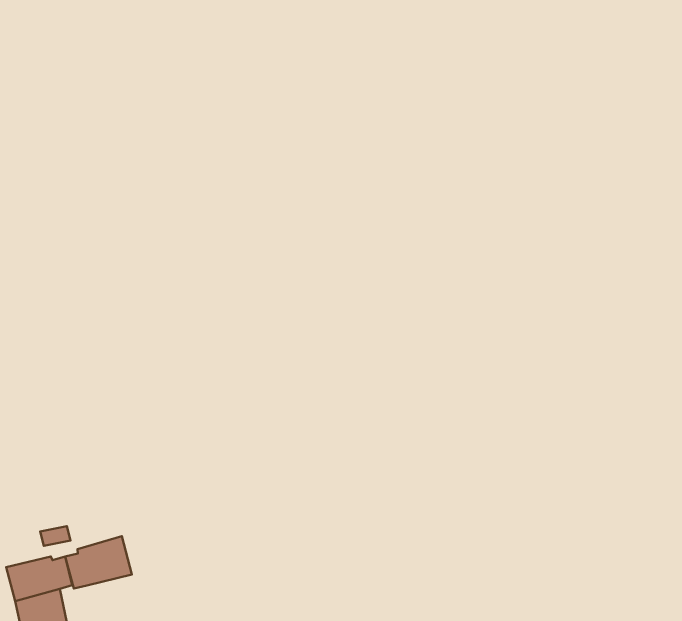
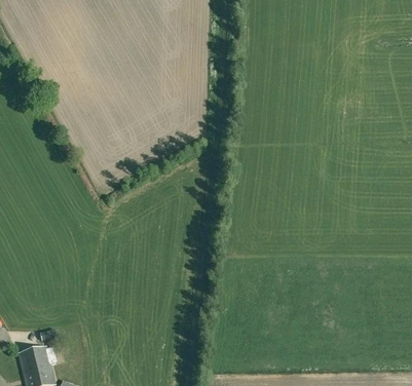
building: [65,536,132,589] -> none

